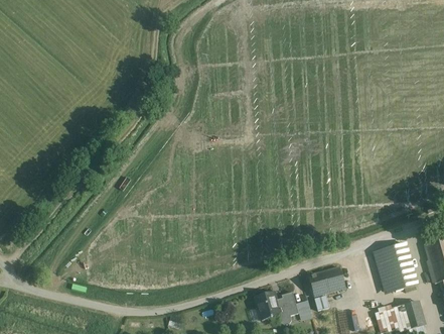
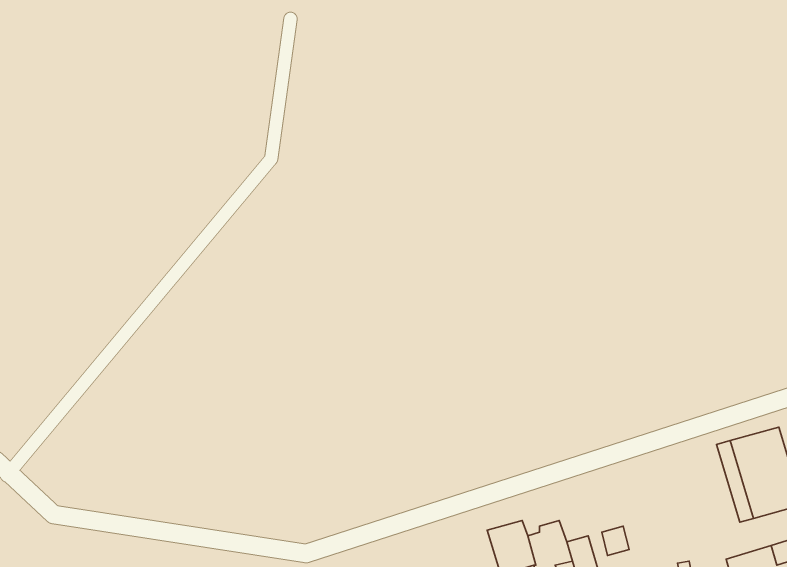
building: [307,266,344,296] -> none

